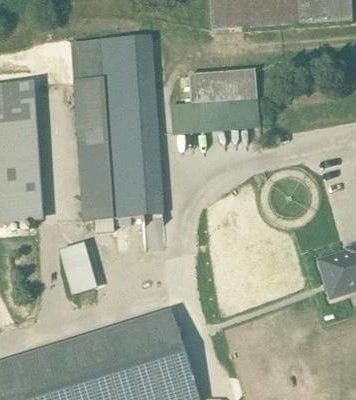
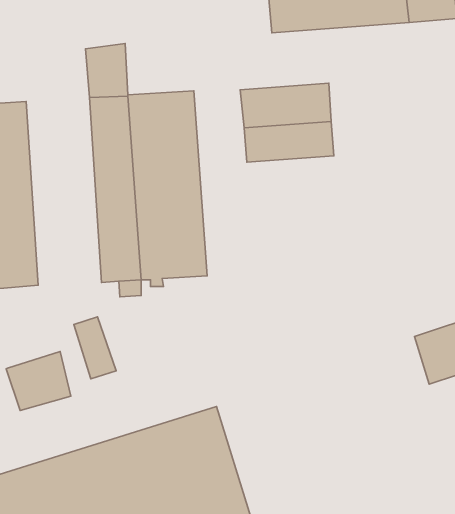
building: [101,34,153,76] -> none
building: [171,101,193,129] -> none
building: none -> [6,352,71,410]

